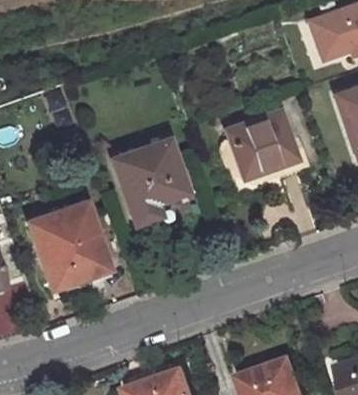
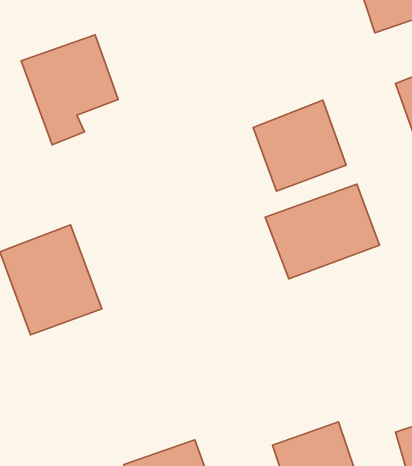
building: [113,141,188,226] -> [21,35,118,145]
building: none -> [265,184,379,279]

